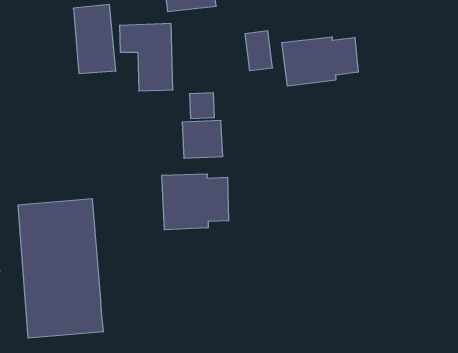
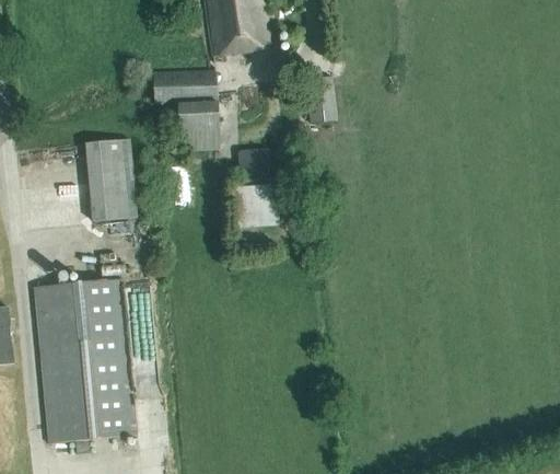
building: [73,4,116,74] -> [86,138,137,220]
building: [282,37,358,86] -> none
building: [162,174,229,230] -> none

